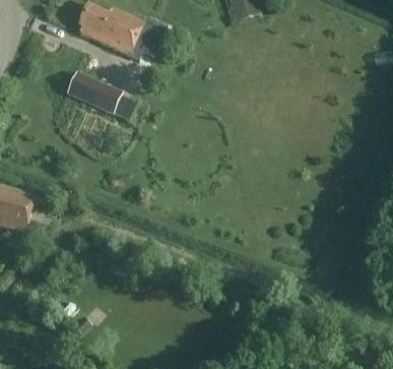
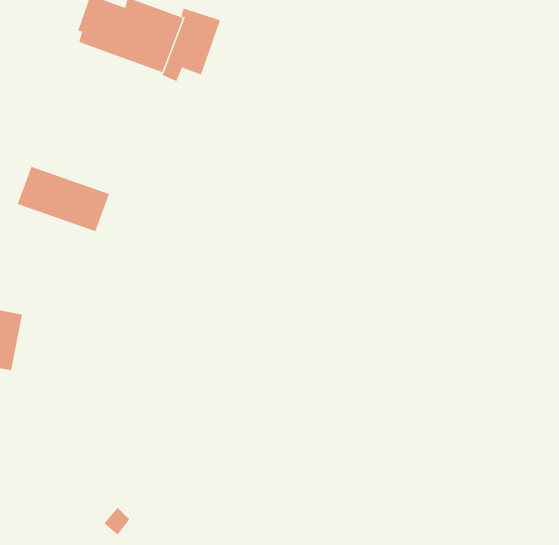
building: [65,71,122,114] -> [17,166,110,232]

